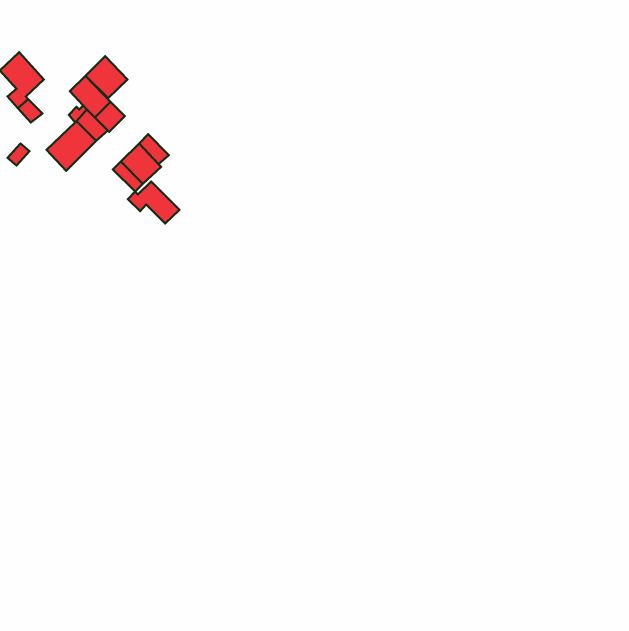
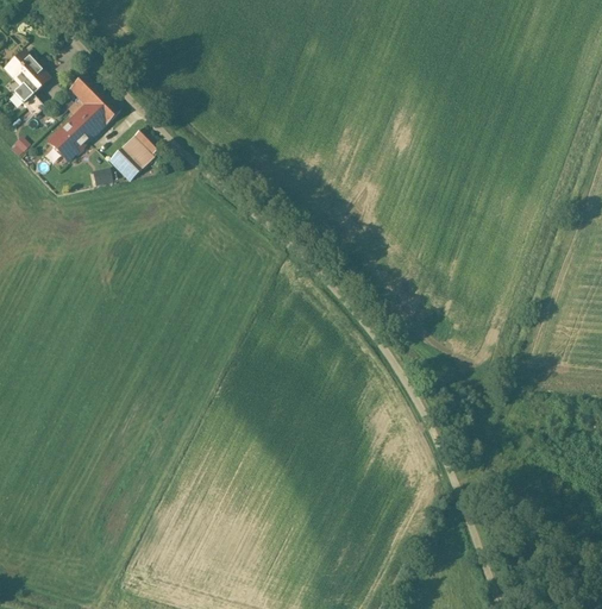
building: [86,56,128,98] -> none
building: [128,182,180,224] -> none

